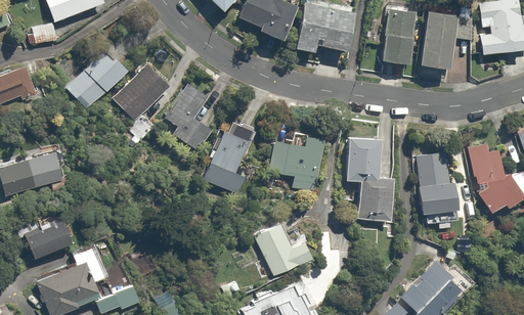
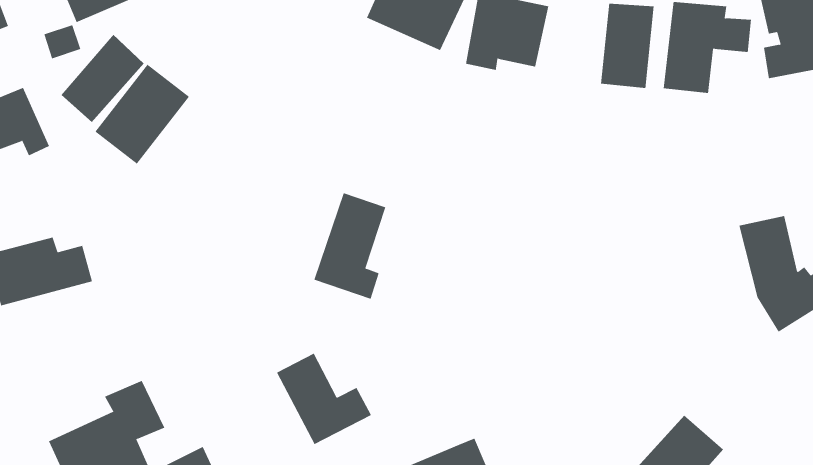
building: [117,63,169,119] -> [60,34,144,123]
building: [166,84,210,148] -> none
building: [344,136,389,222] -> none
building: [273,137,324,193] -> none
building: [417,150,455,225] -> none
building: [253,220,312,277] -> [276,353,372,445]
building: [24,221,71,260] -> none

